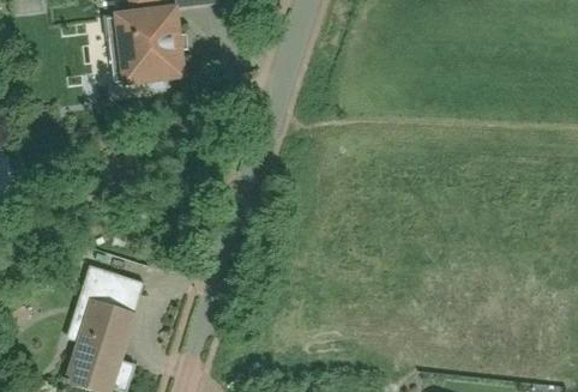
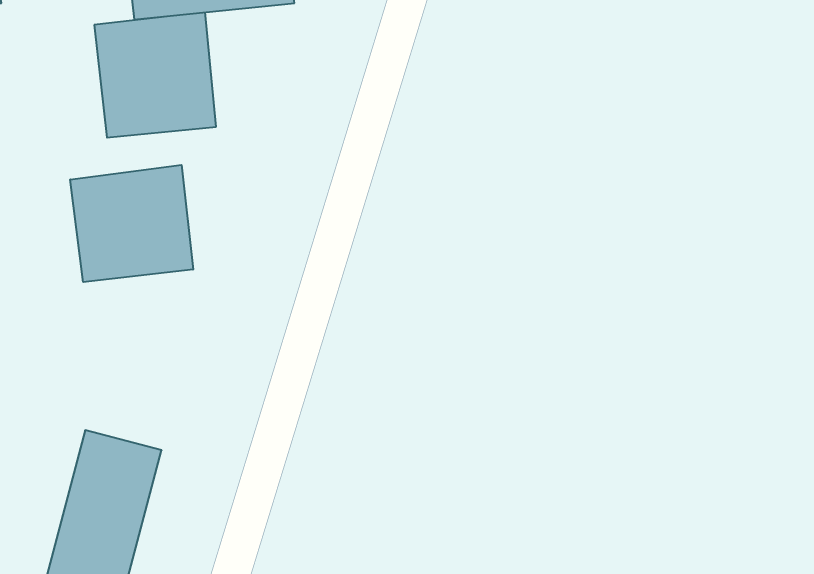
building: none -> [70,165,193,282]

